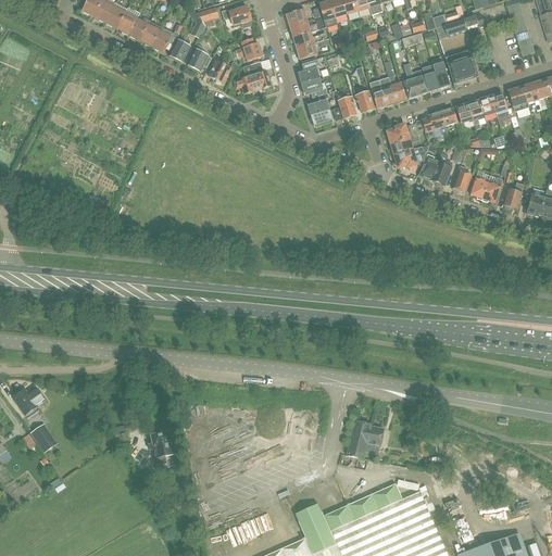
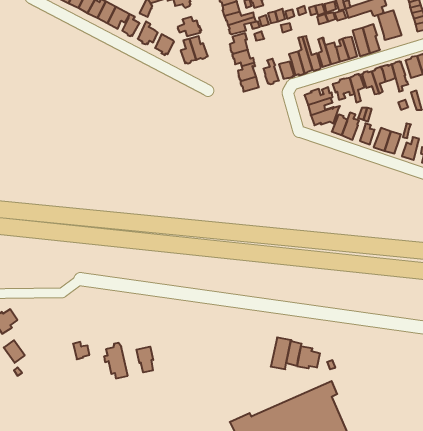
building: none -> [378,10,401,40]
building: none -> [297,346,320,368]
building: none -> [136,347,153,372]

